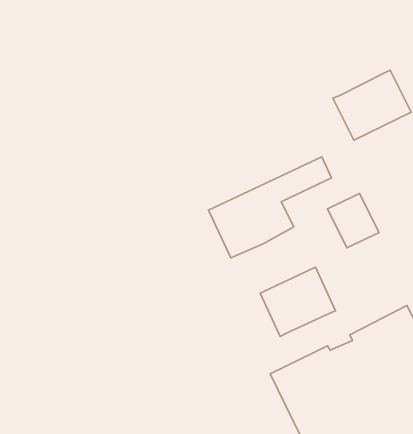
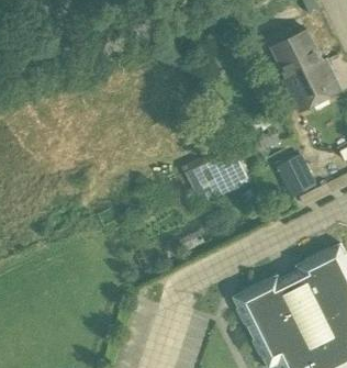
building: none -> [271,30,322,78]
building: [260,267,335,337] -> none

